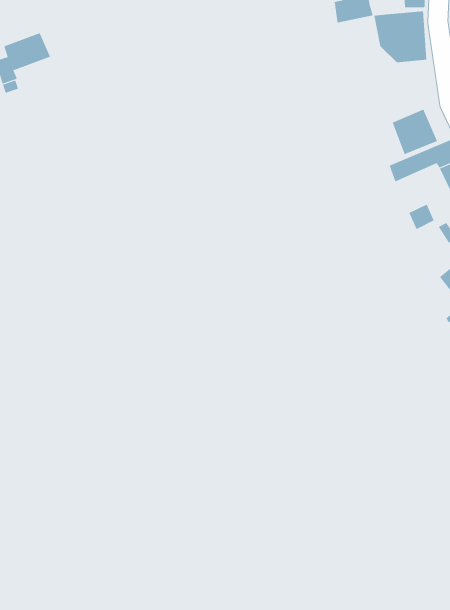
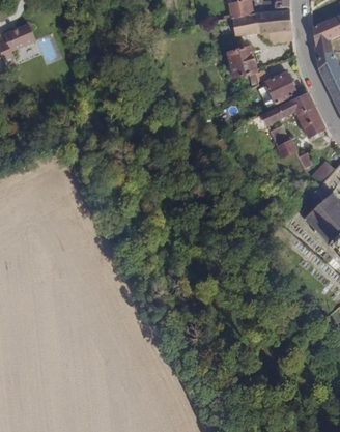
building: none -> [229,11,258,37]
building: none -> [227,46,260,79]

